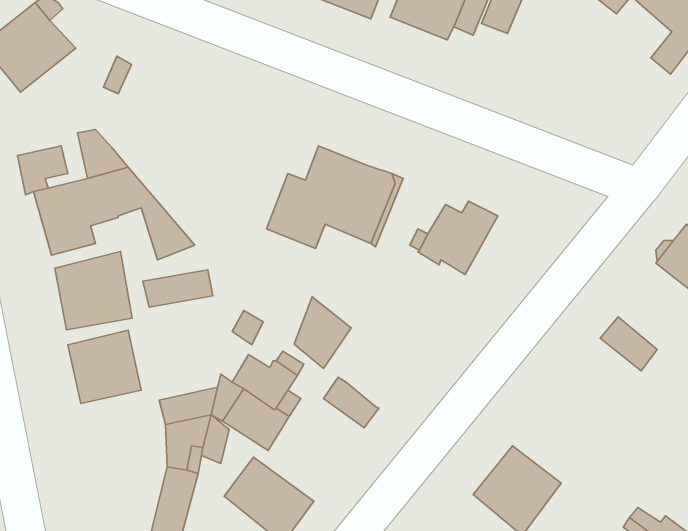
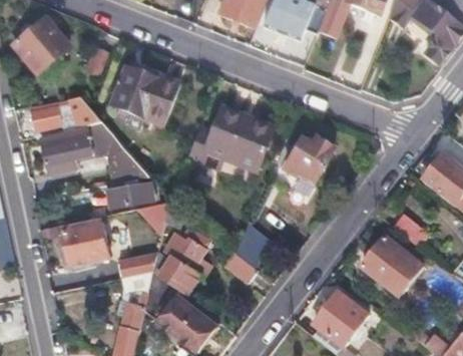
building: none -> [111,64,181,124]
building: [55,252,132,330] -> none
building: [294,297,351,368] -> [237,223,272,267]
building: none -> [362,235,423,295]

